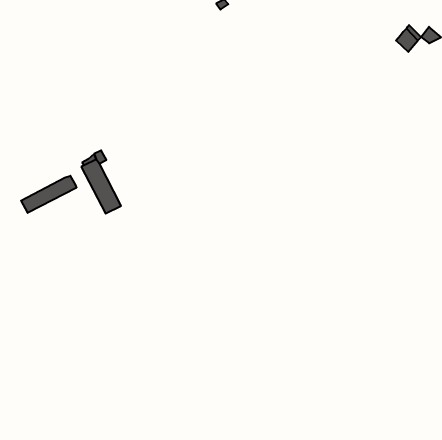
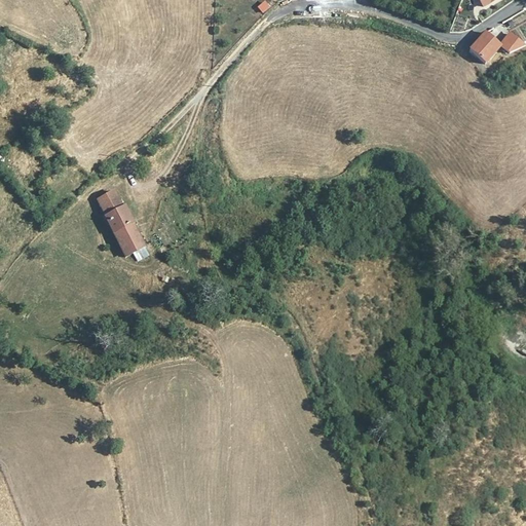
building: [21,176,76,213] -> none

